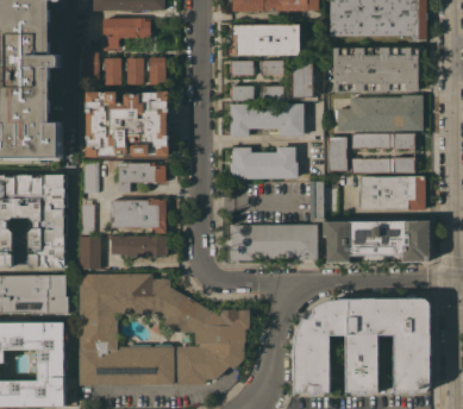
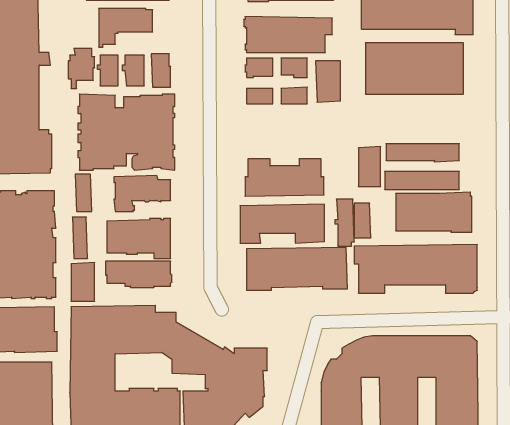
building: [333,95,423,131] -> none
building: [231,103,304,137] -> [240,204,324,243]

